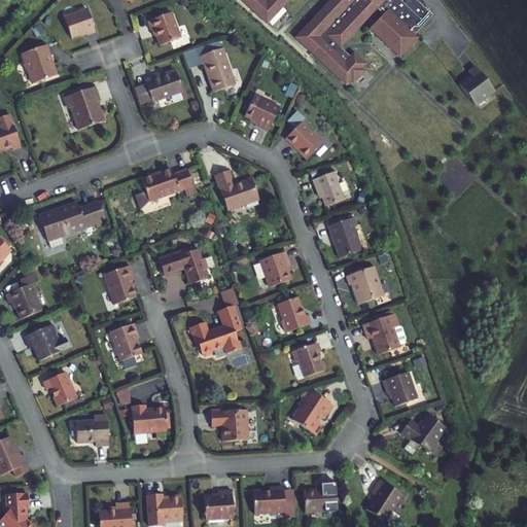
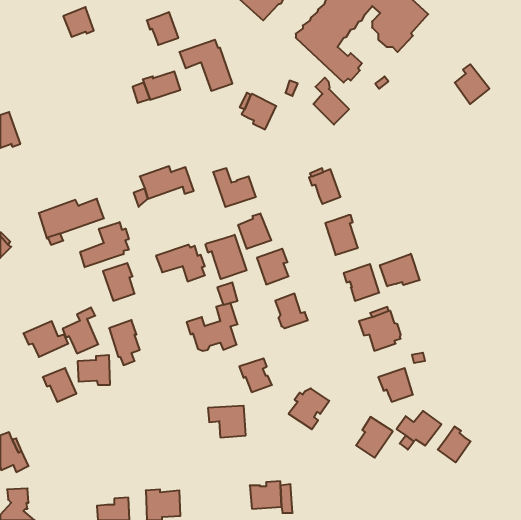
building: [22,44,58,83] -> none
building: [64,86,104,130] -> none
building: [286,111,322,159] -> [313,78,349,125]
building: none -> [238,213,271,249]
building: none -> [80,222,129,267]
building: none -> [205,235,247,279]
building: none -> [380,254,420,286]
building: [6,273,42,319] -> [63,307,98,353]
building: [292,343,325,377] -> [239,358,272,392]
building: [131,405,167,434] -> none
building: [75,415,108,445] -> [78,355,110,385]
building: none -> [438,426,471,462]
building: [365,480,402,521] -> [356,417,393,458]
building: [303,483,337,512] -> none
building: [204,490,234,520] -> none

